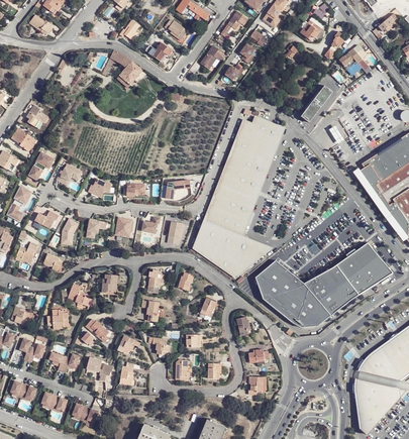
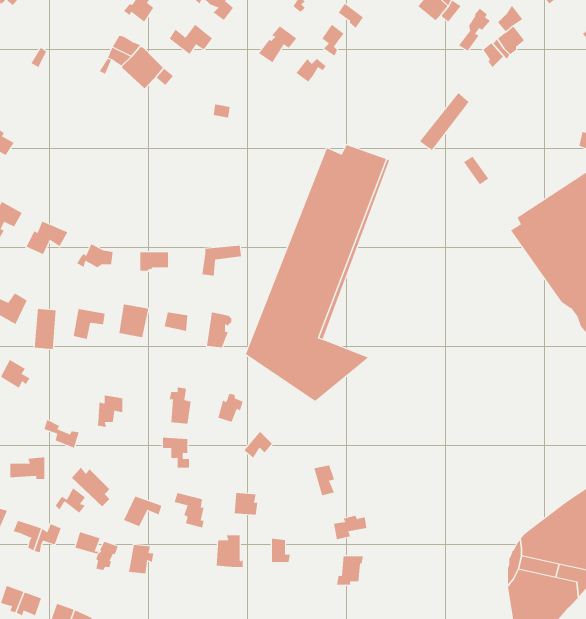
building: [254,242,392,327] -> none

